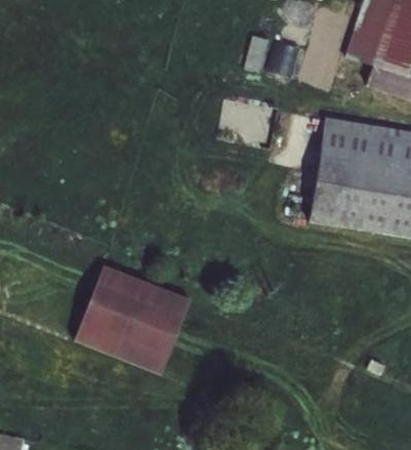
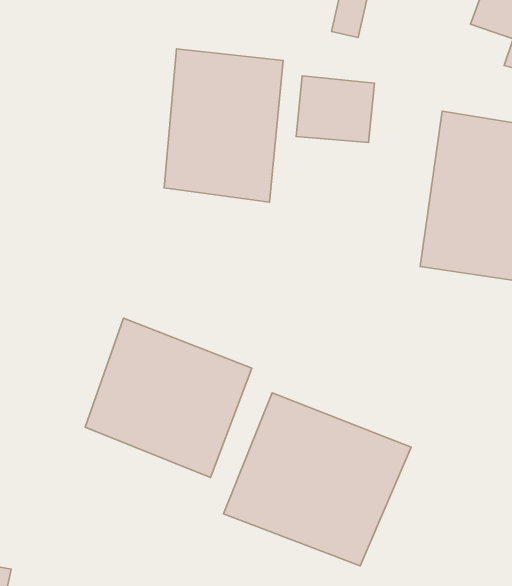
building: none -> [164,49,283,202]
building: none -> [223,393,411,566]

